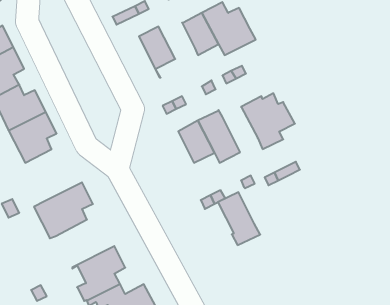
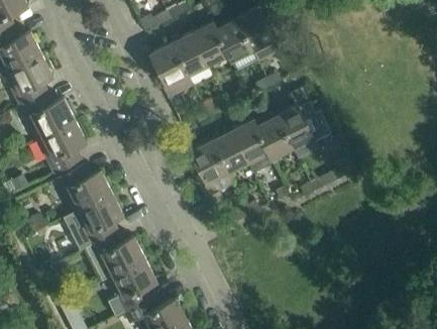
building: none -> [192,21,229,66]
building: none -> [150,42,193,98]
building: none -> [257,115,294,157]
building: none -> [58,164,113,212]
building: [218,192,260,245] -> [191,140,234,195]
building: none -> [86,231,146,281]

